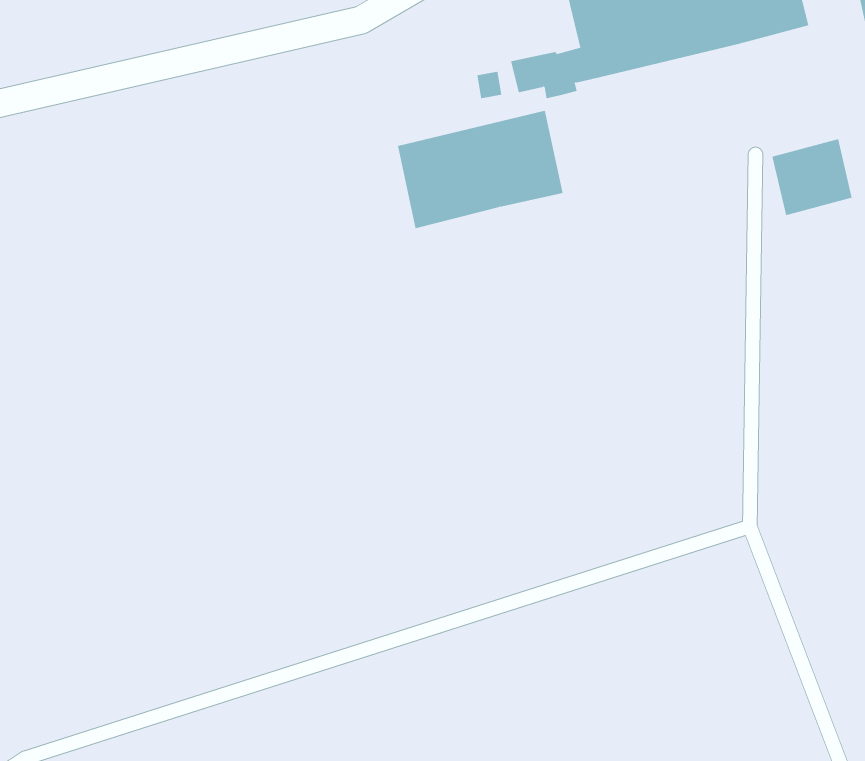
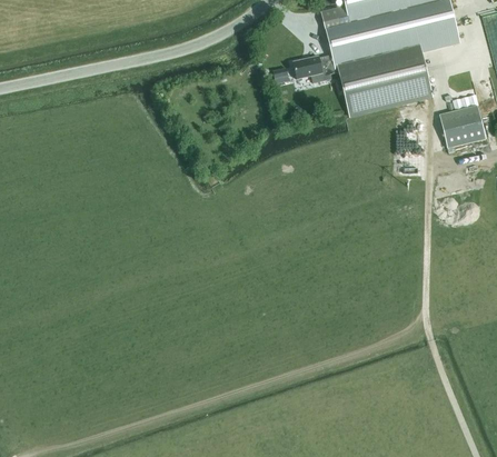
building: [397,110,563,229] -> [339,51,433,118]

